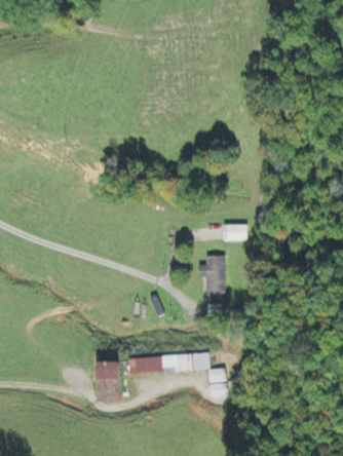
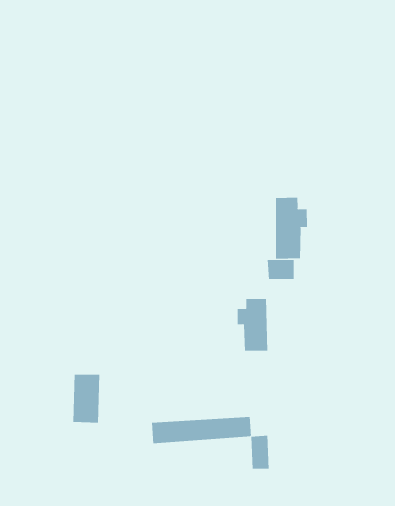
building: none -> [276,197,308,259]
building: [101,362,123,402] -> [72,374,100,423]

